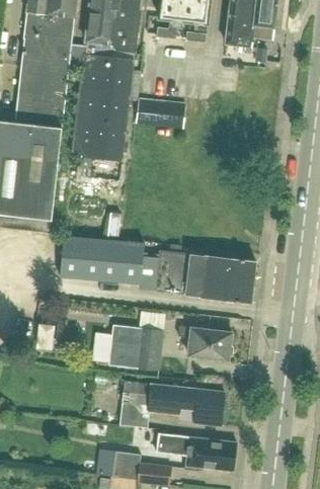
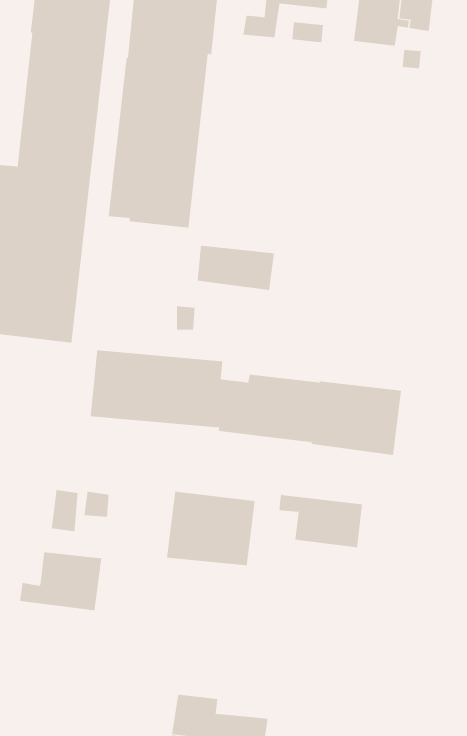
building: [136,99,184,128] -> [197,245,275,291]
building: none -> [19,552,102,611]
building: [118,381,224,428] -> none
building: [155,432,235,471] -> none

